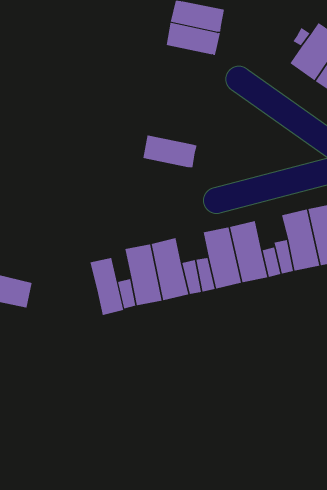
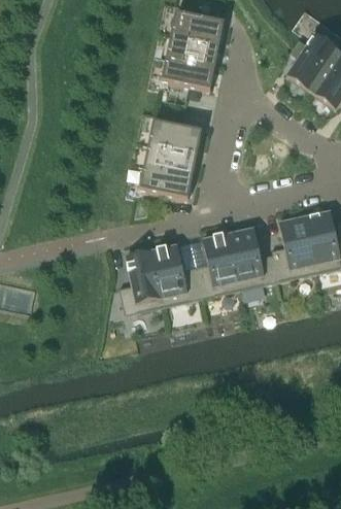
building: none -> [161,55,214,89]
building: none -> [147,118,202,152]
building: none -> [139,165,193,197]
building: [90,257,124,316] -> none

